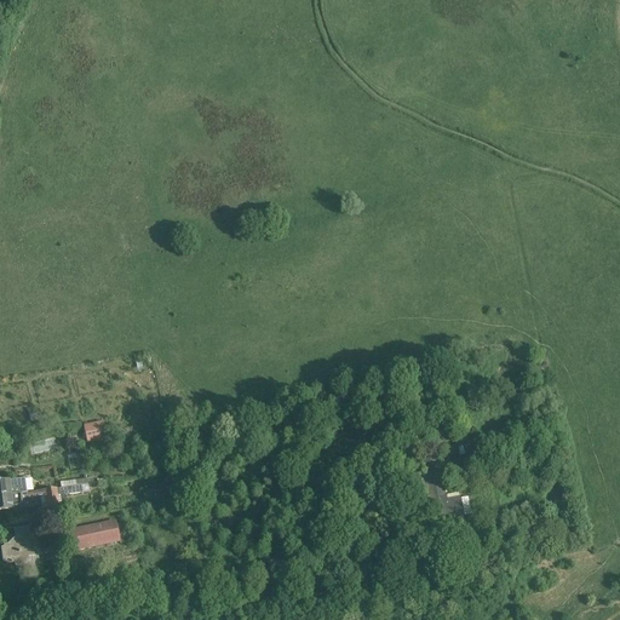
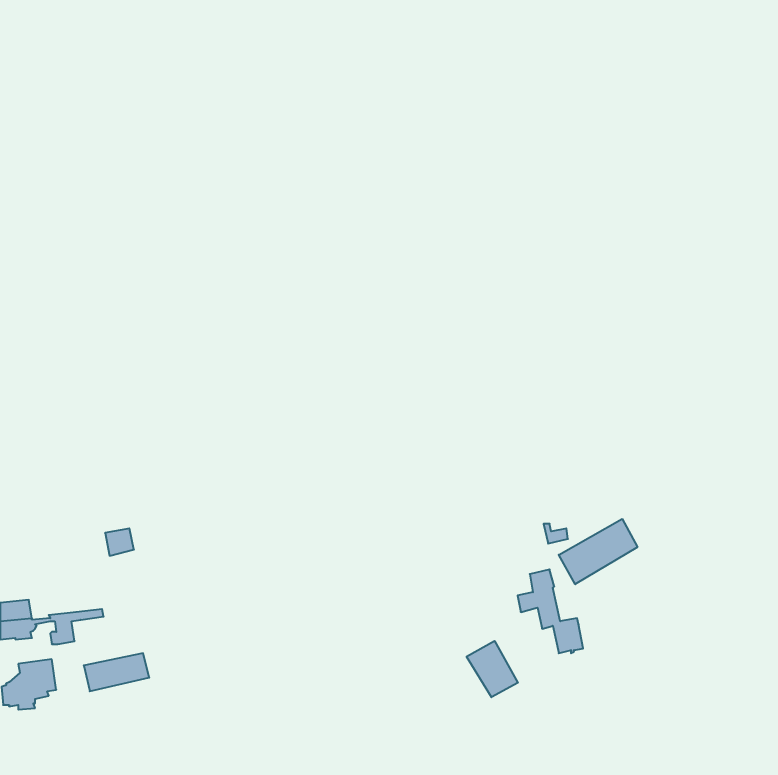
building: none -> [559,519,637,584]
building: none -> [467,641,518,697]

